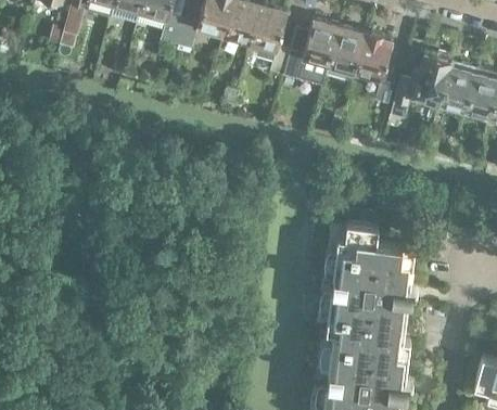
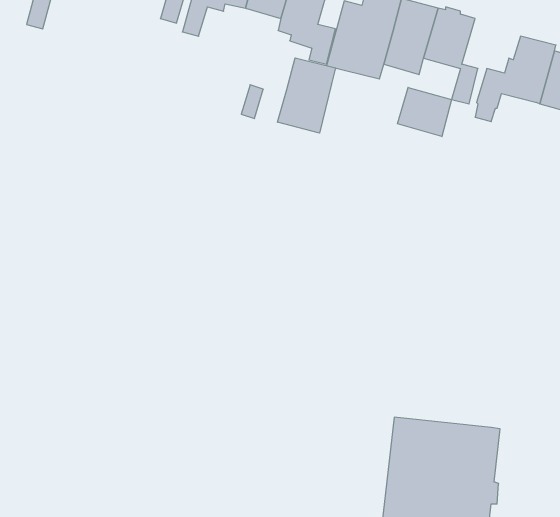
building: none -> [278,58,336,133]
building: none -> [397,87,452,137]
building: [323,223,412,341] -> none

